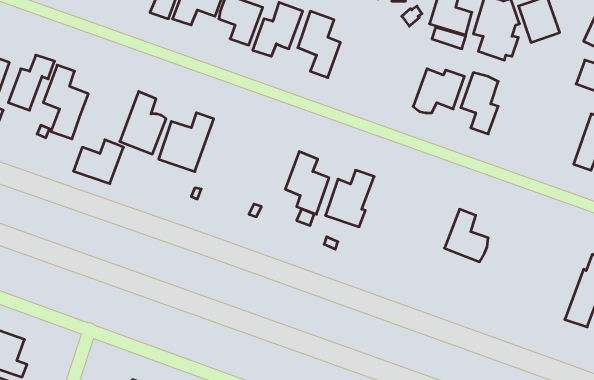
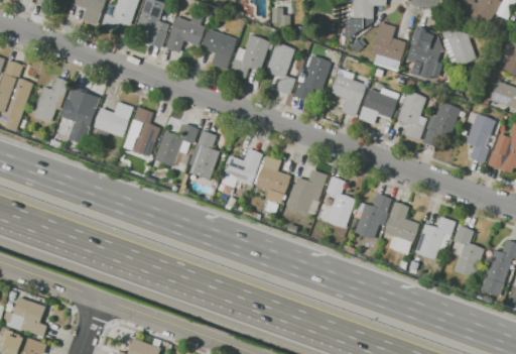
building: none -> [293,55,331,103]
building: none -> [330,68,367,115]
building: none -> [422,101,461,147]
building: none -> [466,113,496,163]
building: none -> [186,129,219,180]
building: [73,140,124,184] -> [93,101,133,136]
building: none -> [219,148,262,193]
building: none -> [315,176,356,229]
building: none -> [355,193,393,239]
building: none -> [413,216,455,259]
building: none -> [453,225,484,278]

